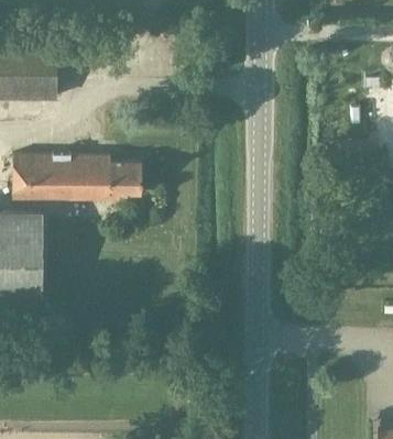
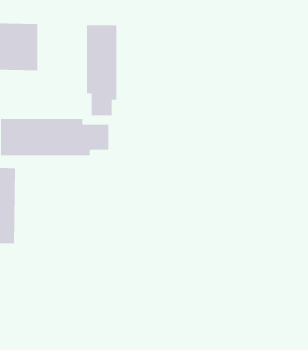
building: none -> [87,25,117,116]

